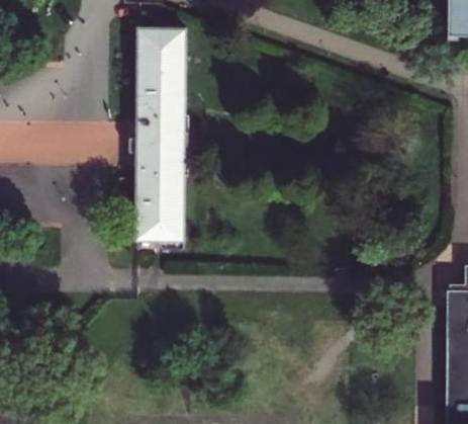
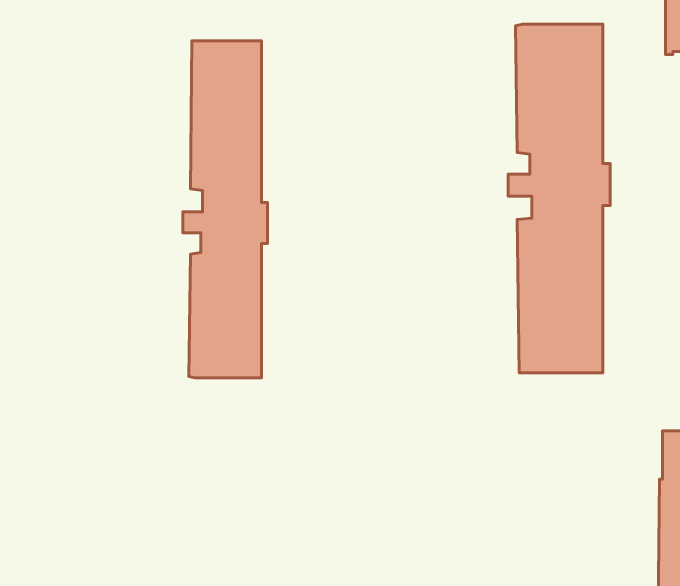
building: none -> [508,24,610,373]

